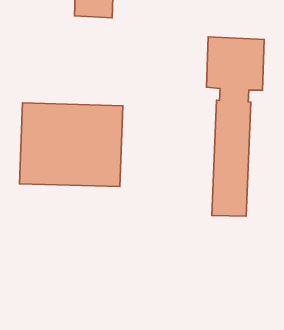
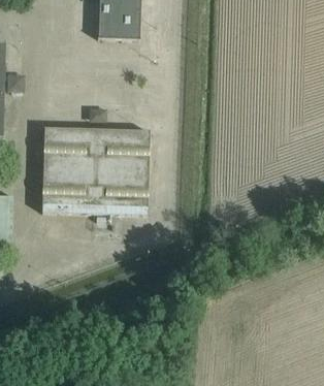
building: [207,37,264,216] -> none

